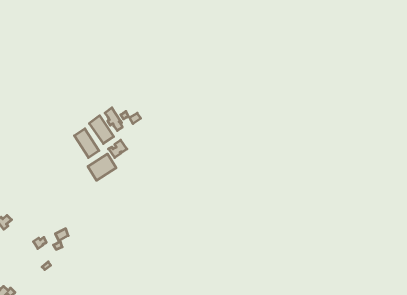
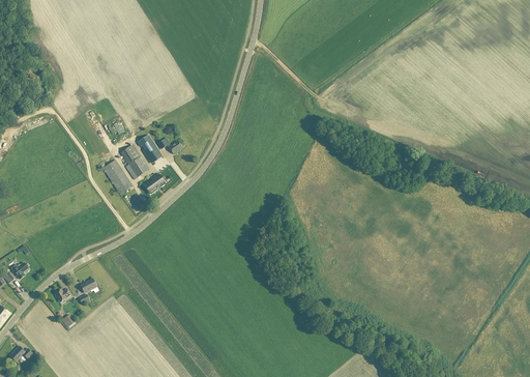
building: [88,154,116,180] -> none

